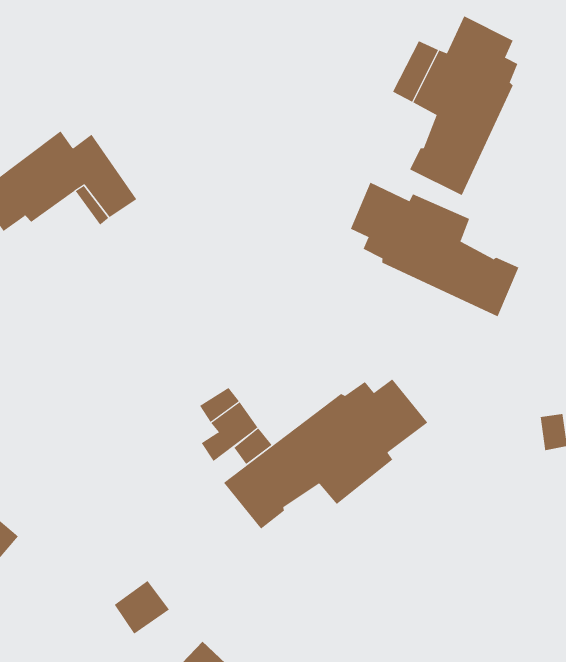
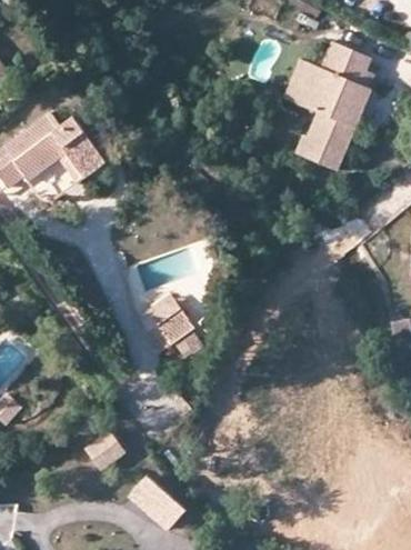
building: [350,182,519,317] -> none
building: [223,379,428,529] -> none

